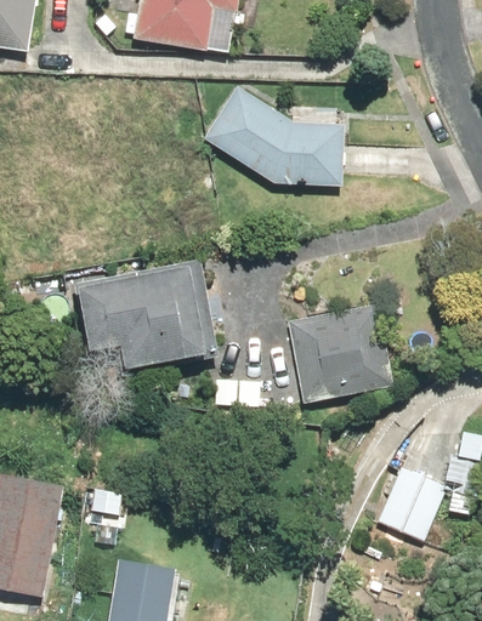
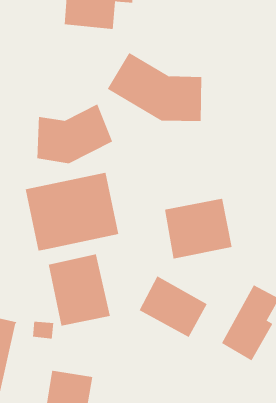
building: none -> [37,104,113,164]
building: none -> [48,254,110,326]
building: none -> [139,276,208,338]

